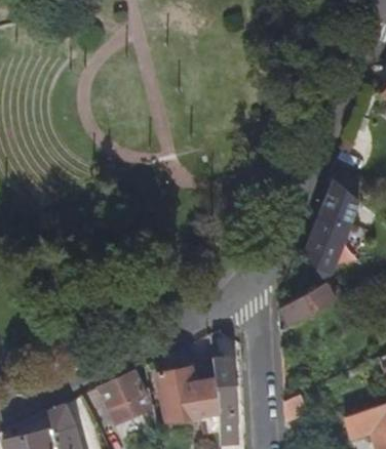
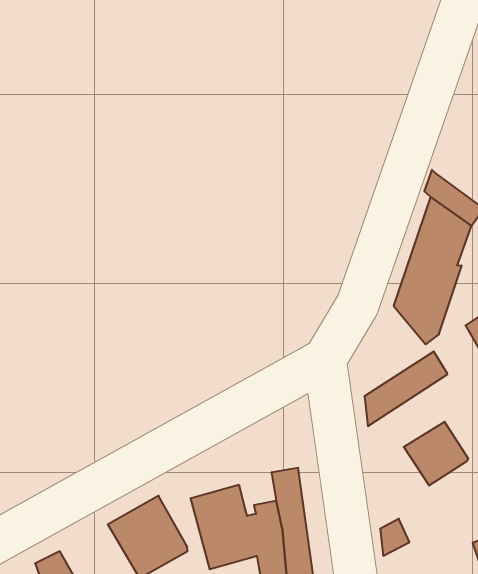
building: none -> [404,422,468,486]

